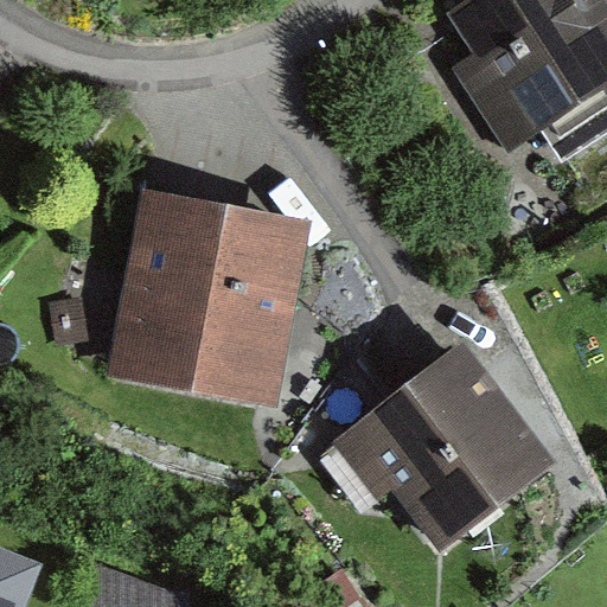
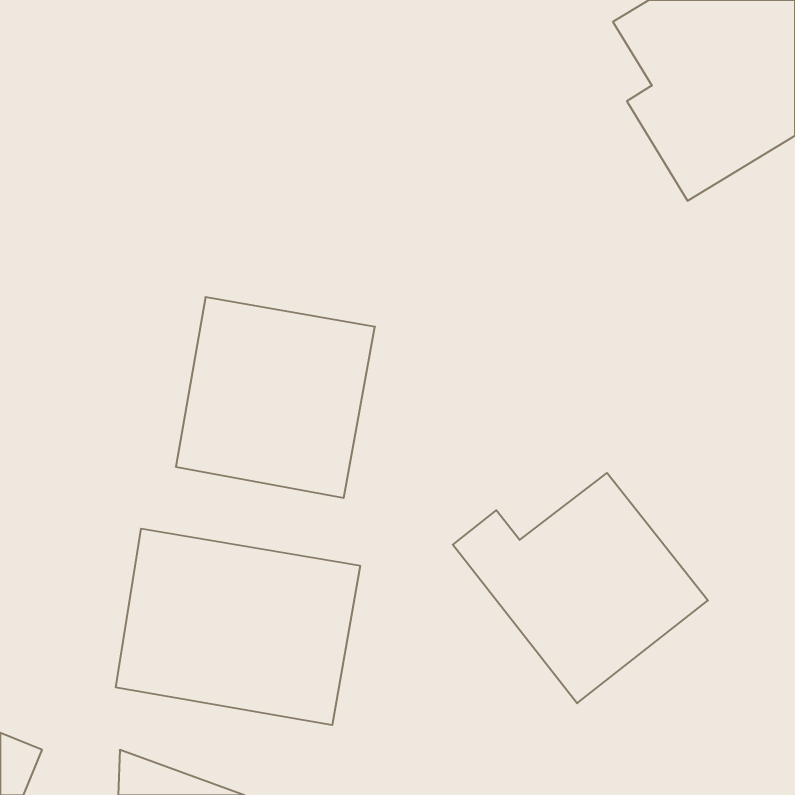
building: none -> [116,529,360,725]

